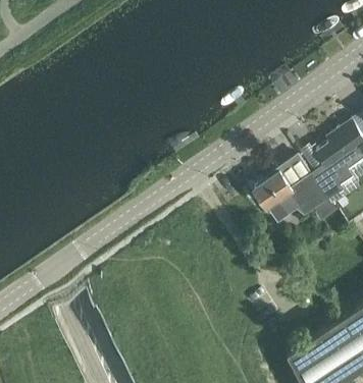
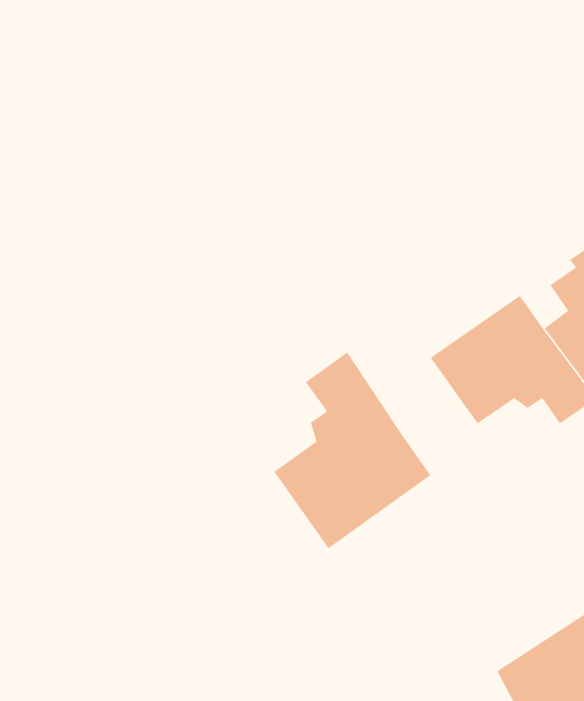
building: none -> [274,351,431,549]

